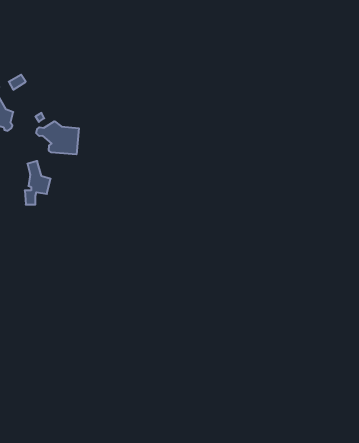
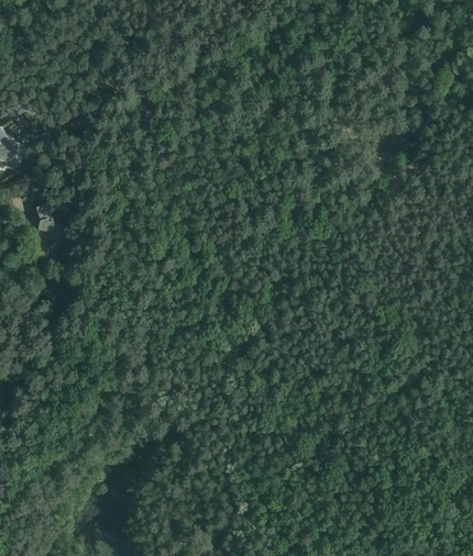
building: [36,121,79,154] -> none

